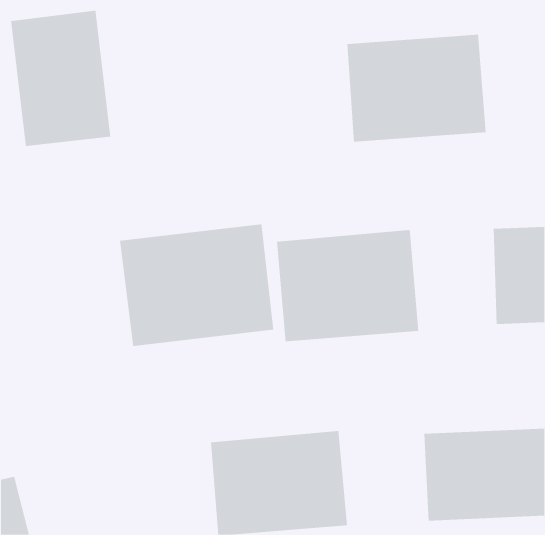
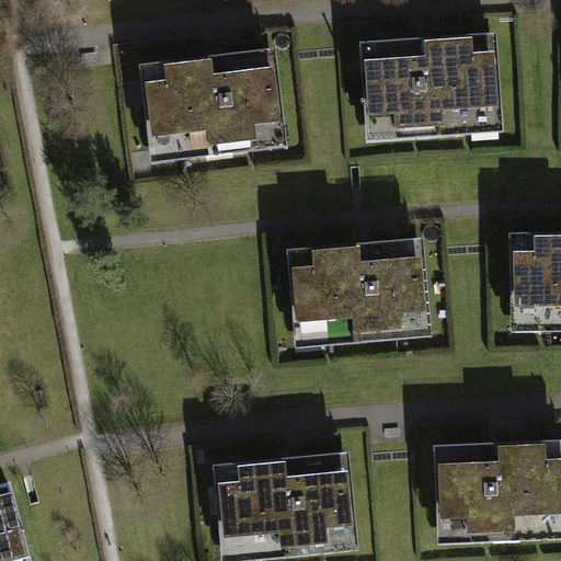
building: [11,10,111,147] -> none
building: none -> [144,50,294,161]
building: [120,223,274,347] -> none

